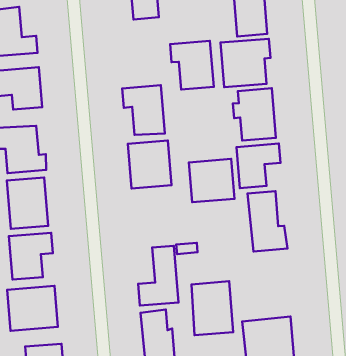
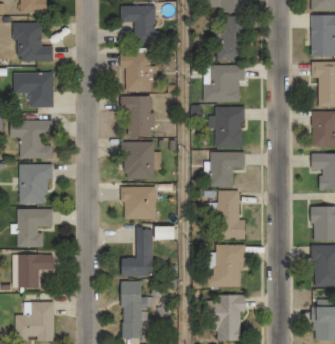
building: [170,41,214,89] -> [119,53,152,91]
building: [189,159,235,202] -> [121,186,156,219]
building: [192,281,233,335] -> [211,245,243,287]

